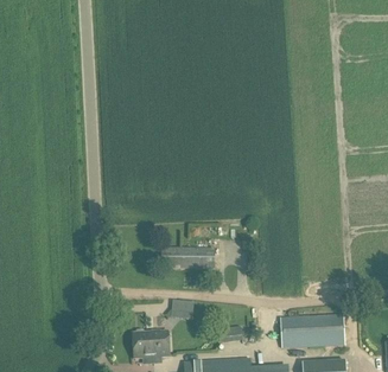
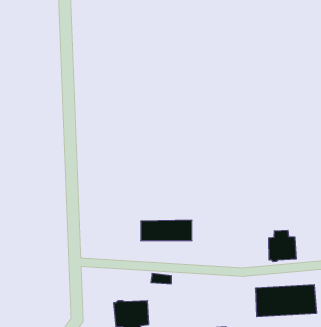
building: none -> [269,230,296,262]

